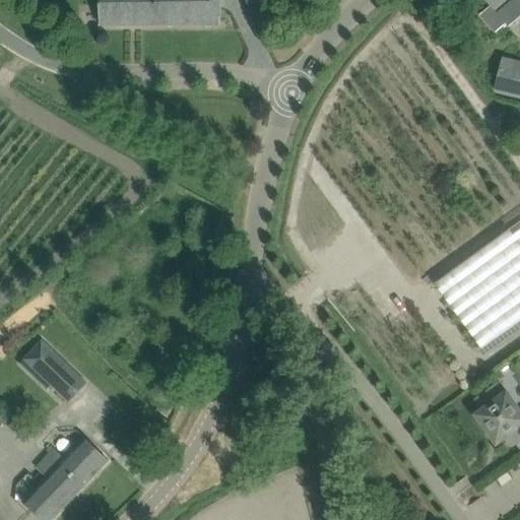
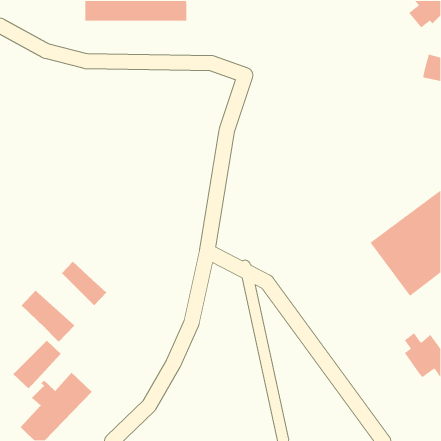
building: none -> [61,261,107,306]
building: none -> [12,340,62,390]

